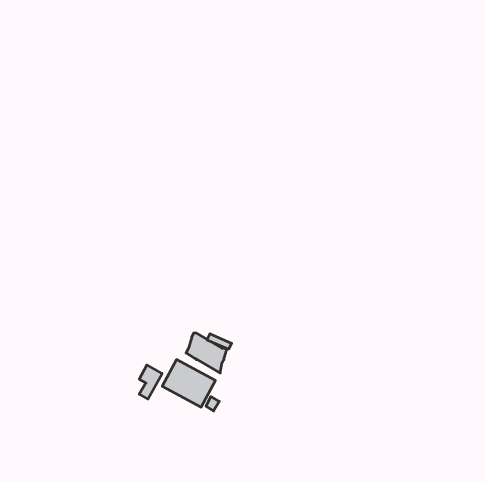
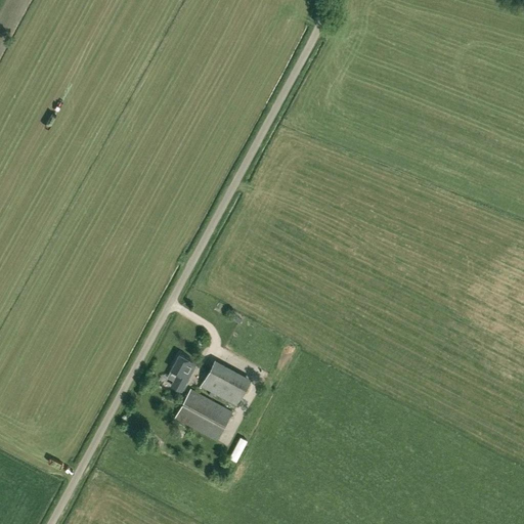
building: [139,365,162,399] -> [171,356,195,393]

